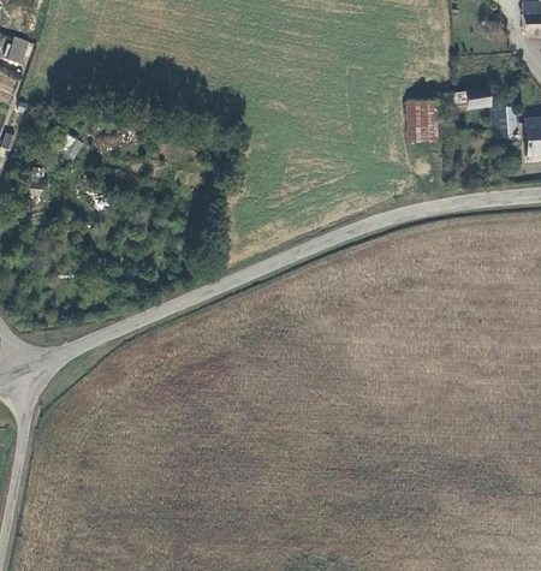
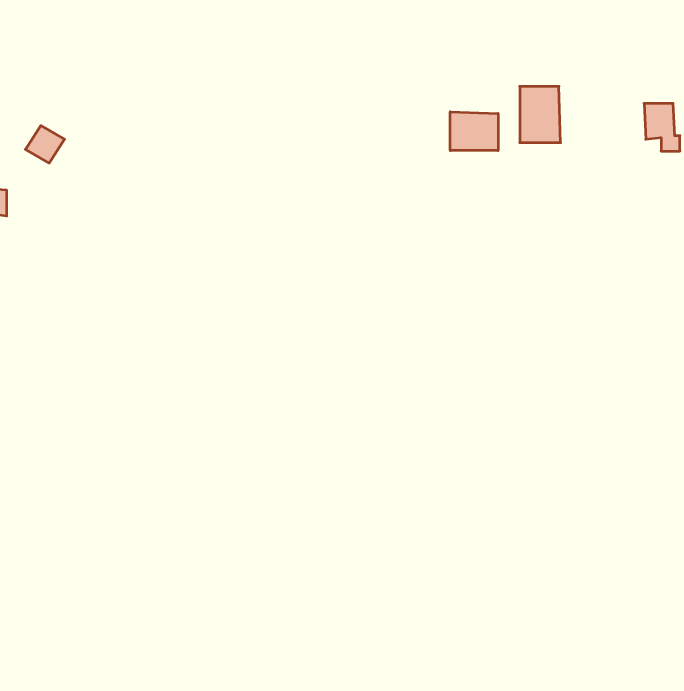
building: [453,89,488,109] -> none
building: none -> [450,112,498,151]

